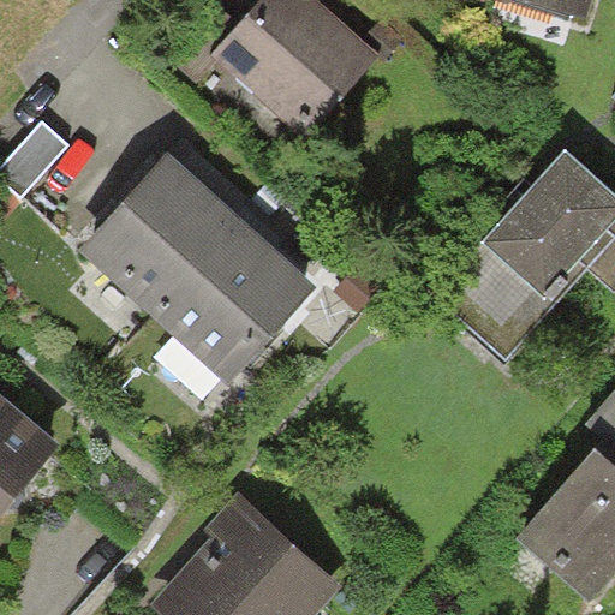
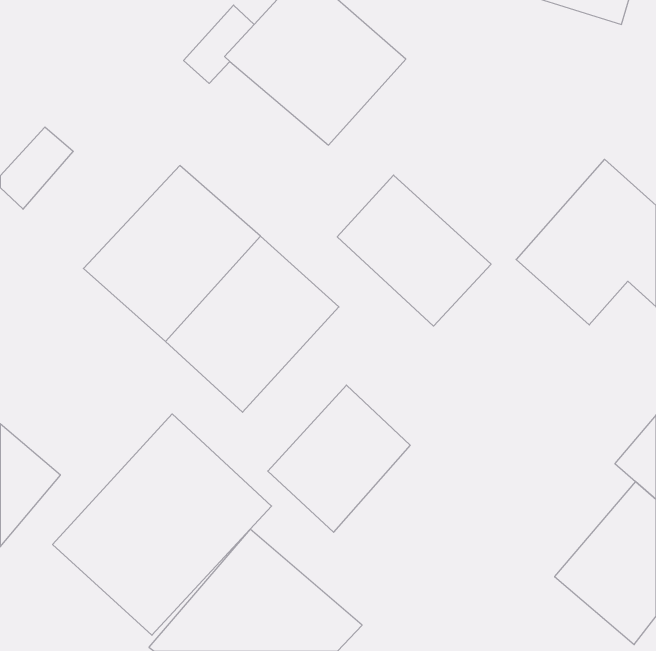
building: none -> [337,175,491,326]
building: none -> [268,385,410,532]
building: none -> [53,414,272,635]

